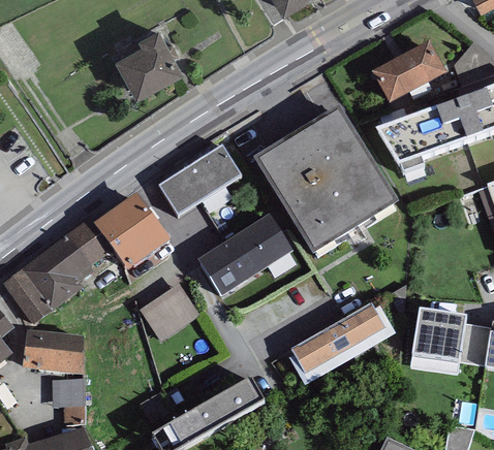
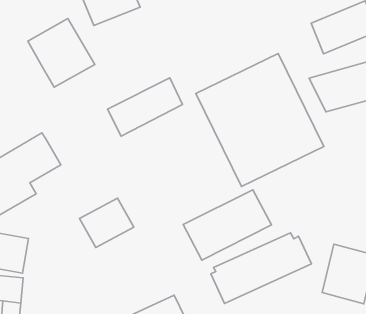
building: [94,194,169,270] -> [28,18,95,87]
building: [196,215,292,296] -> [183,190,271,260]

